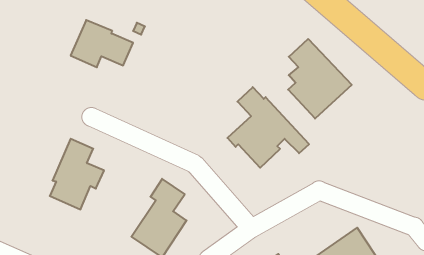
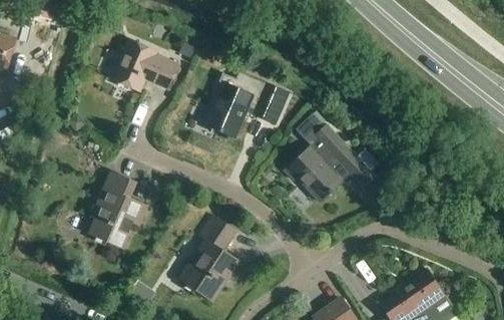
building: [288,39,352,119] -> none
building: none -> [204,71,289,138]

